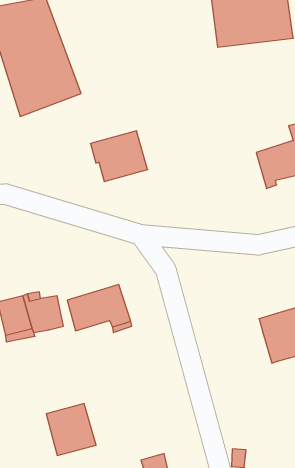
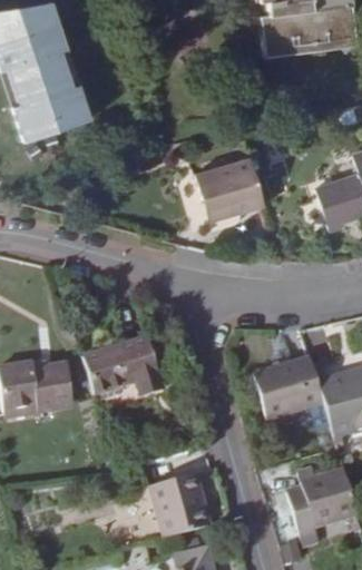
building: [90,131,148,182] -> [195,156,264,217]
building: none -> [253,358,322,421]
building: none -> [285,469,354,537]
building: [46,404,96,455] -> [149,472,209,534]

